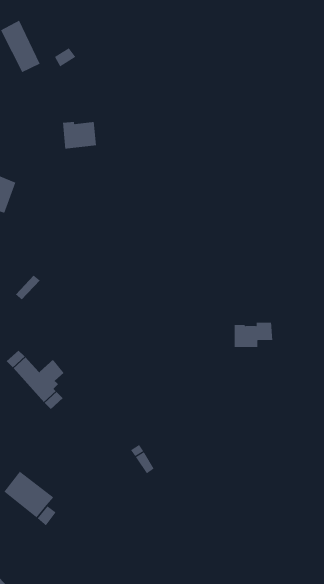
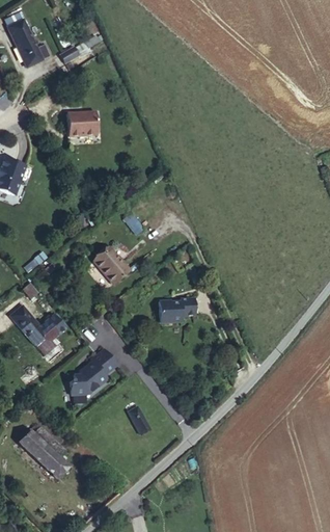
building: none -> [89,245,126,283]
building: [234,322,273,347] -> [160,298,195,321]
building: none -> [70,347,116,394]

